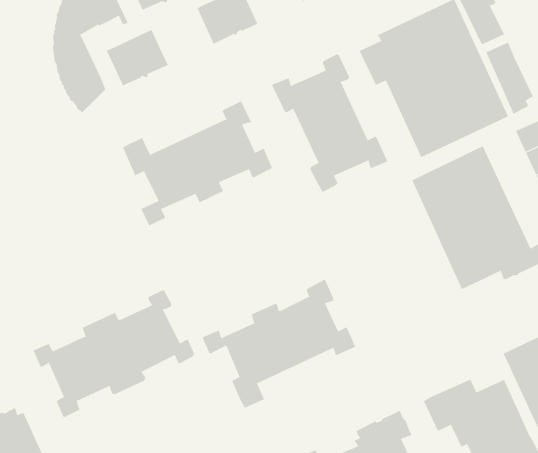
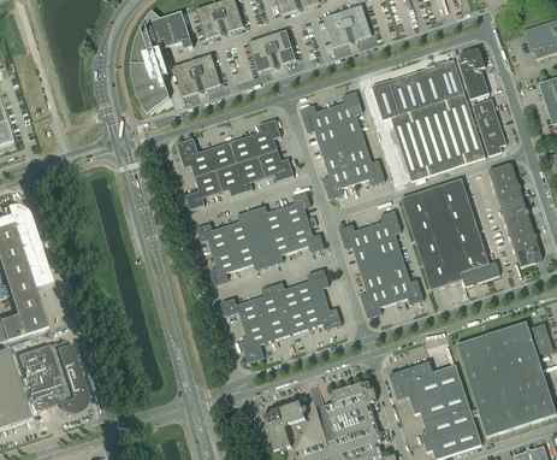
building: none -> [338,211,422,318]
building: [33,290,195,418] -> [196,193,324,284]

